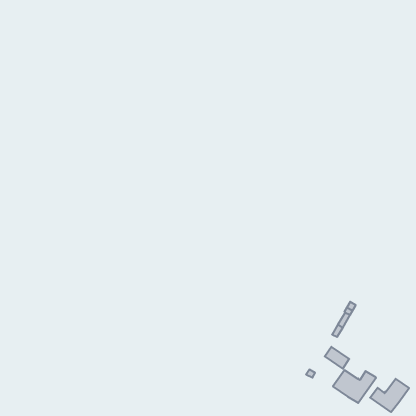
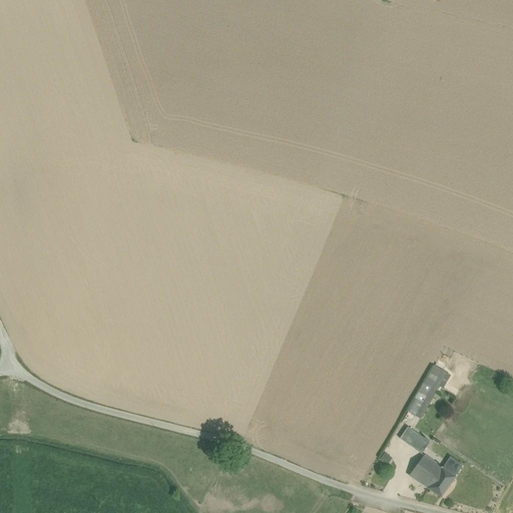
building: [370,379,409,412] -> none

